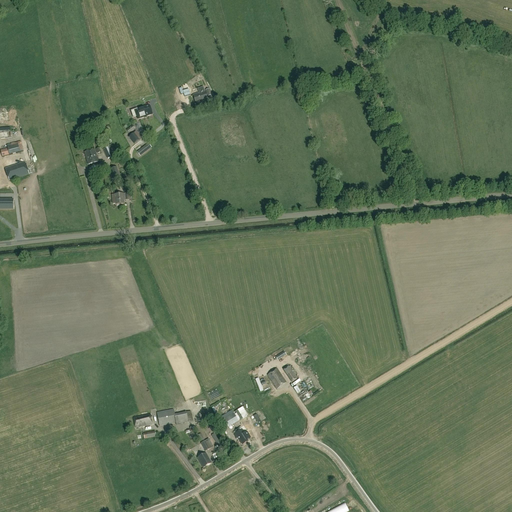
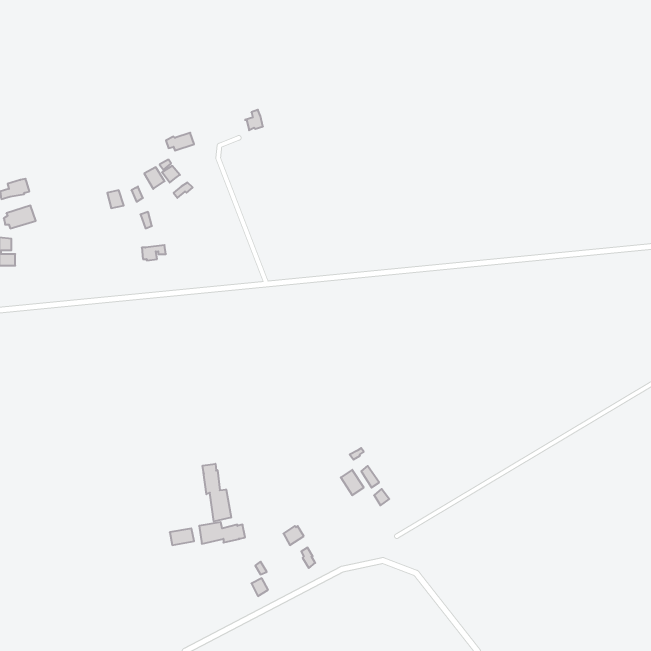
building: none -> [203,464,231,521]

